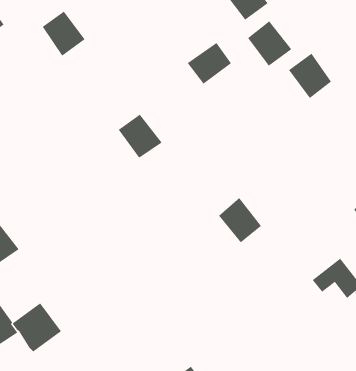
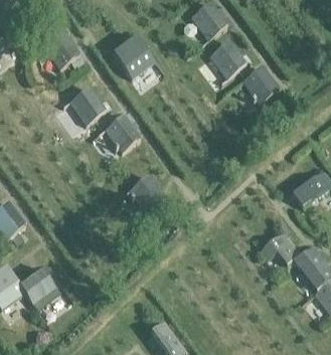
building: [187,42,232,84] -> [112,35,148,69]
building: none -> [68,88,104,126]
building: [218,197,262,243] -> [128,175,163,212]

